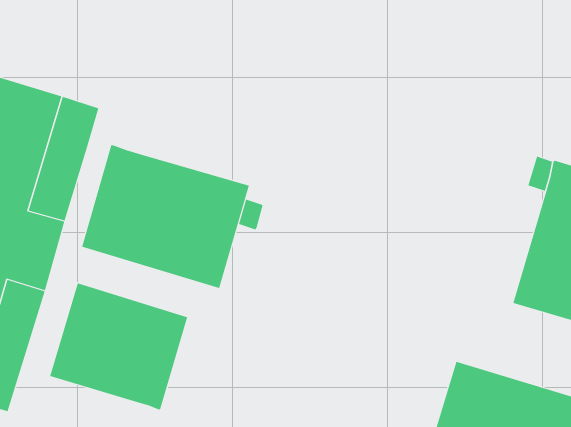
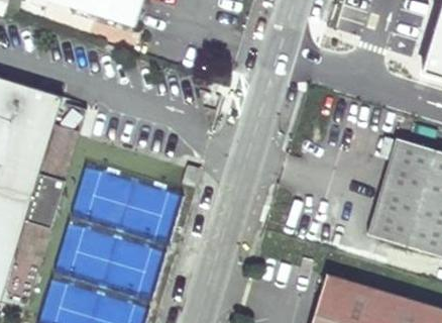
building: [82,144,249,289] -> none
building: [49,283,188,410] -> none

